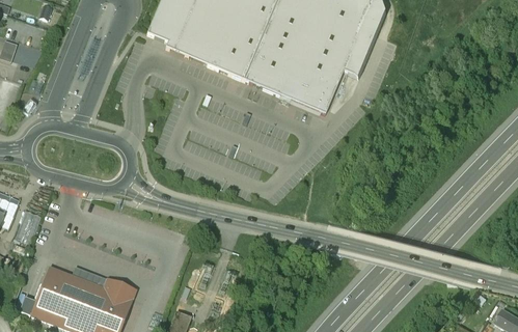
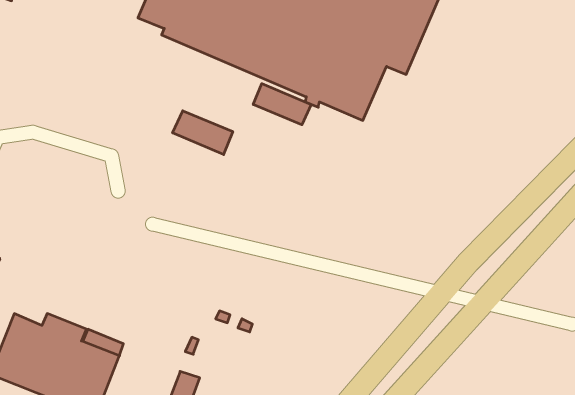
building: none -> [253,84,311,125]
building: none -> [173,111,233,155]

